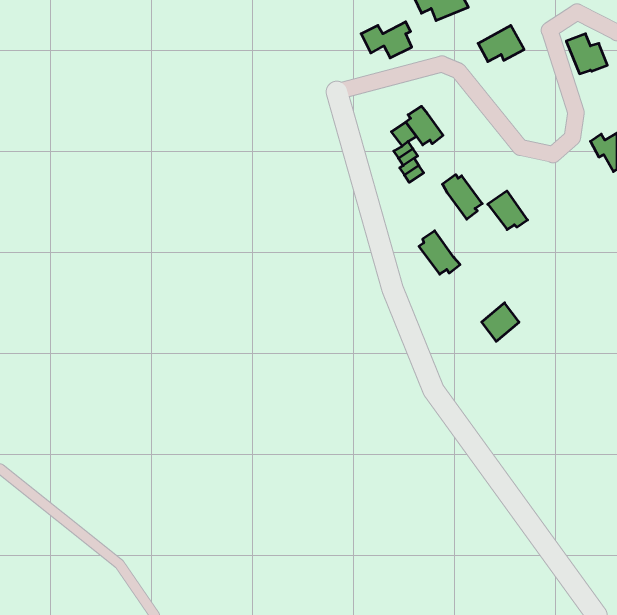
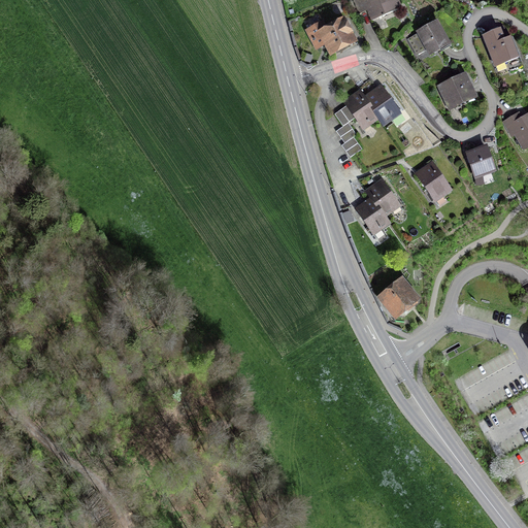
building: none -> [440,73,474,106]
building: none -> [365,89,397,123]
building: none -> [467,145,494,175]
building: [442,175,482,219] -> [367,182,401,220]
building: [482,303,519,341] -> [383,280,415,314]

